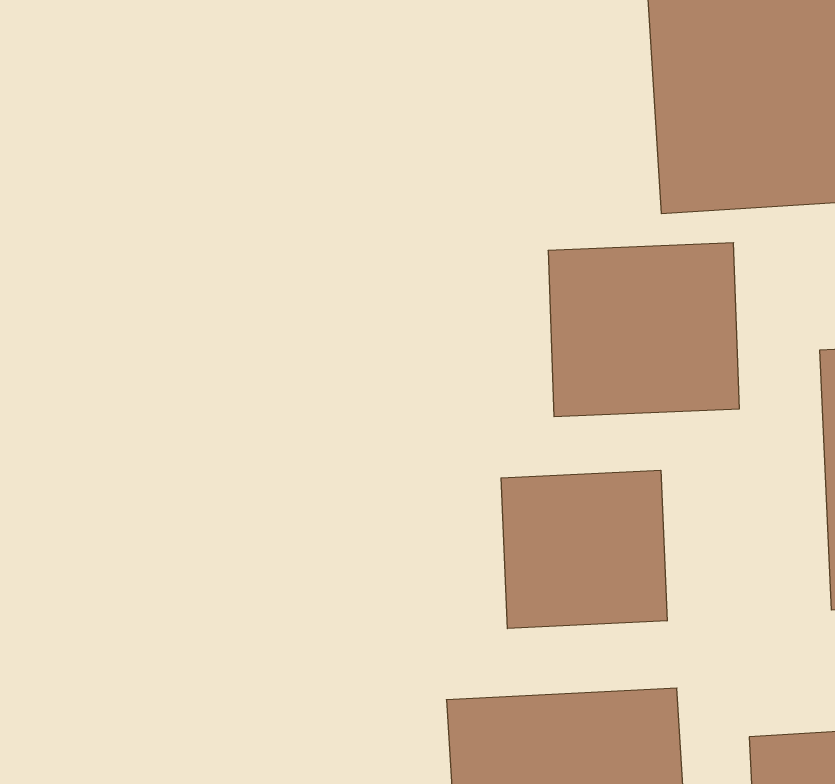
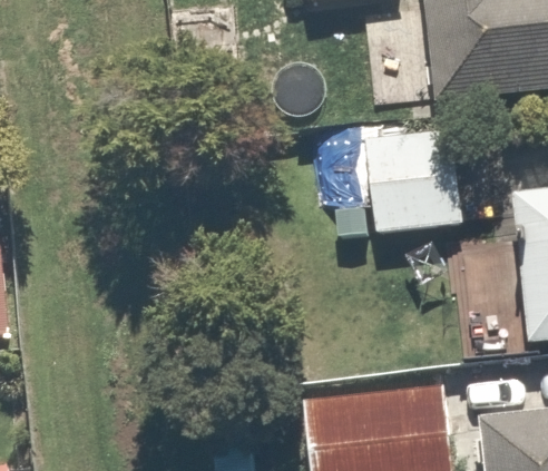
building: [501,470,667,629] -> none

